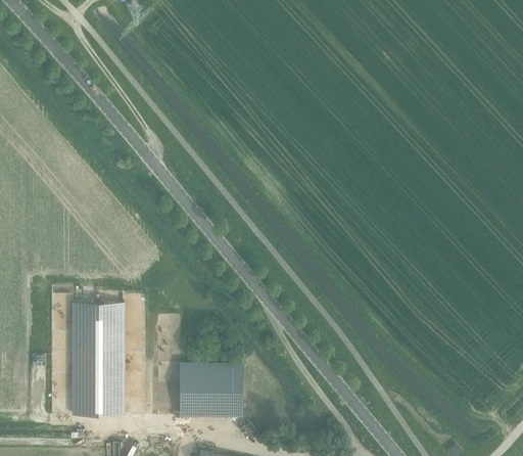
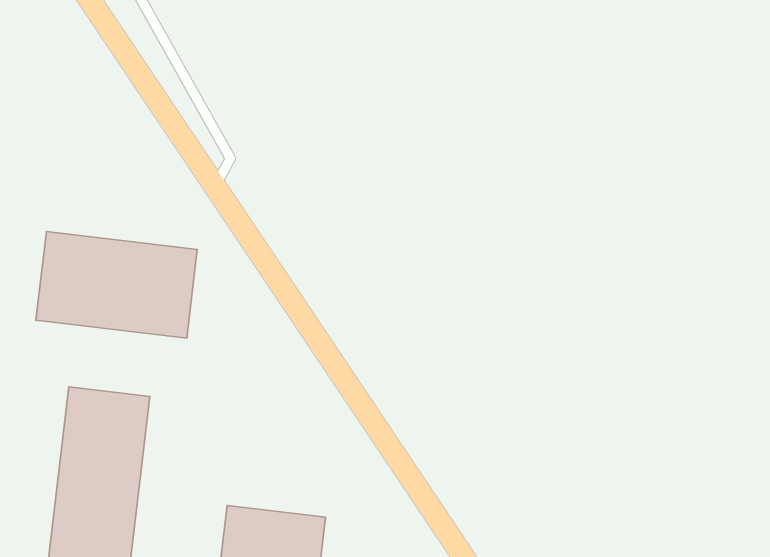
building: none -> [36,232,197,338]

